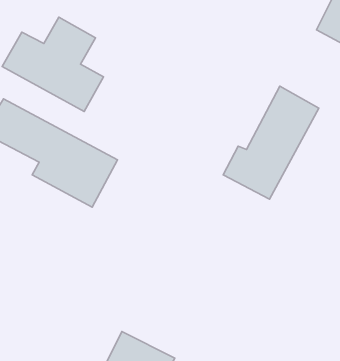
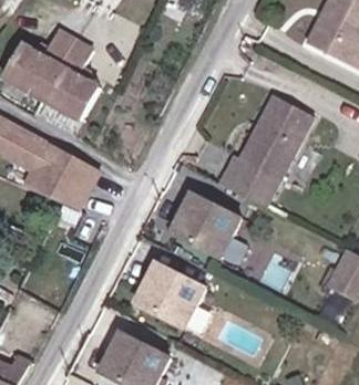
building: none -> [168,191,238,257]
building: none -> [133,262,204,327]

